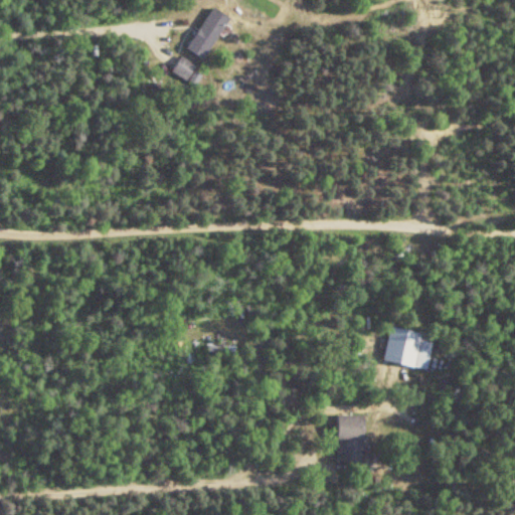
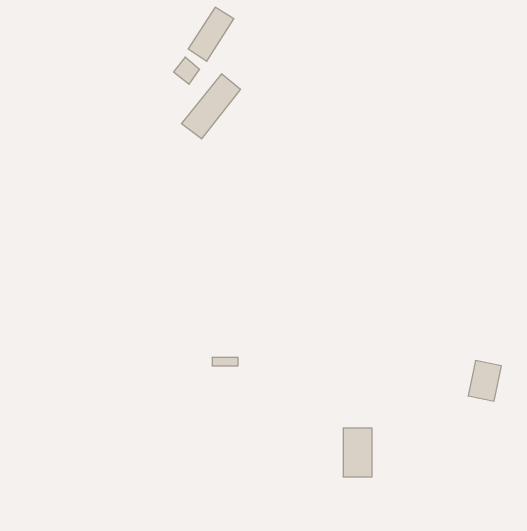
building: none -> [182,74,240,139]
building: [390,328,422,367] -> [468,361,501,401]

